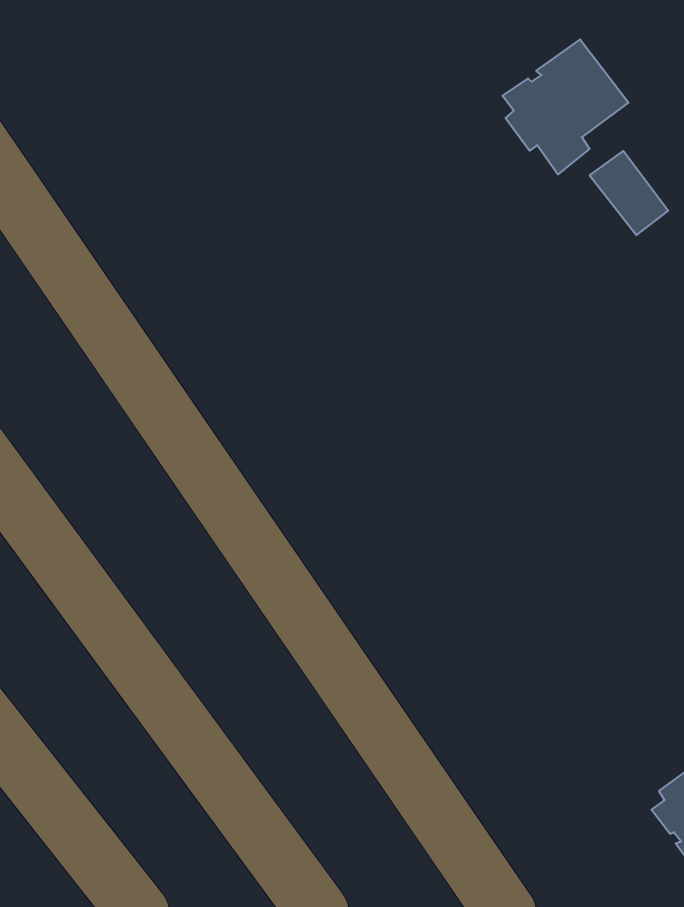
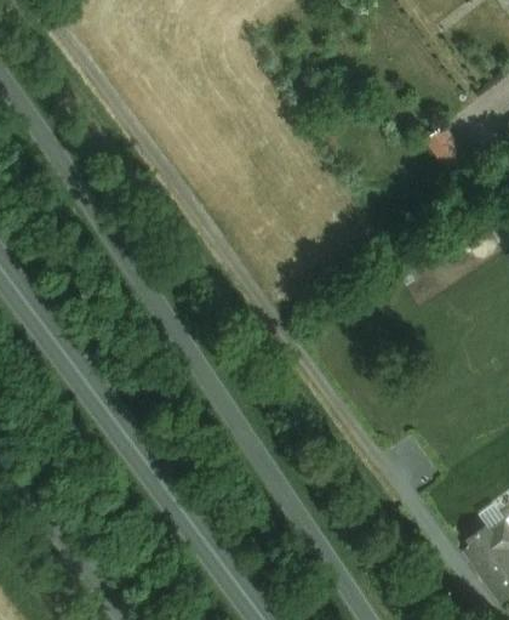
building: [502,39,629,174] -> none

